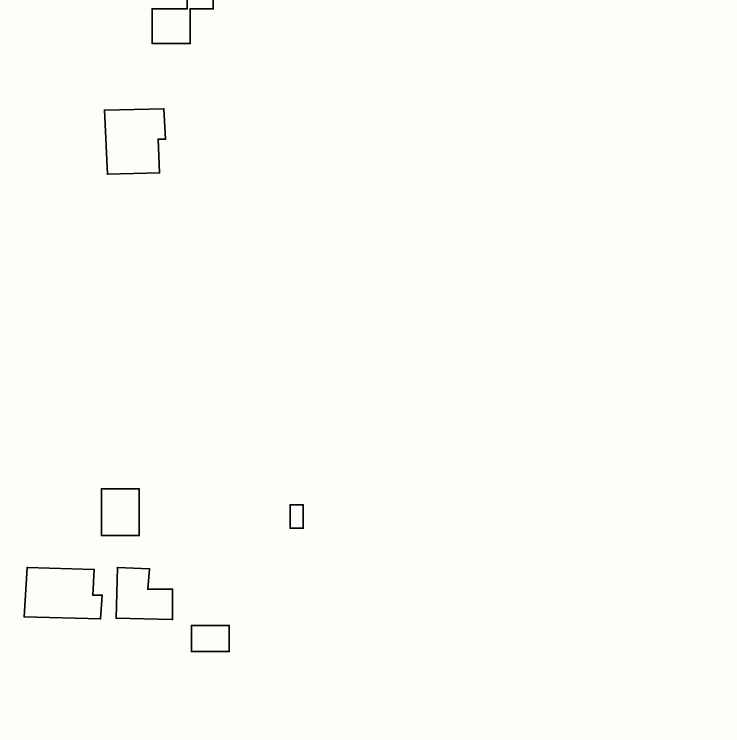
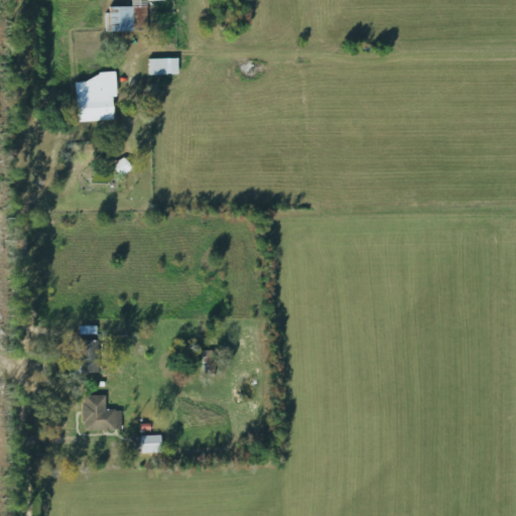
building: none -> [150,57,179,75]
building: [24,568,102,619] -> none

